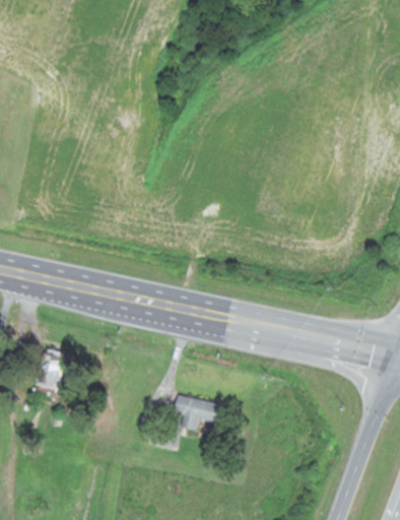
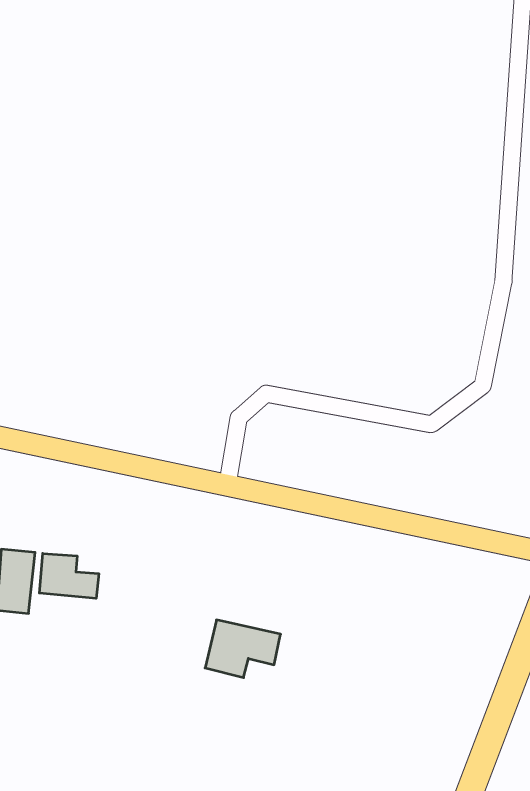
building: none -> [39,553,99,598]

